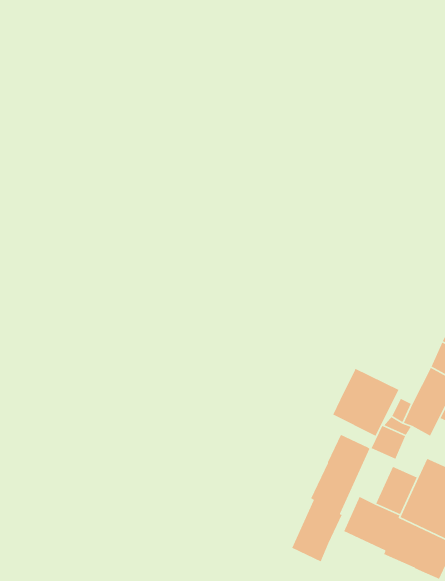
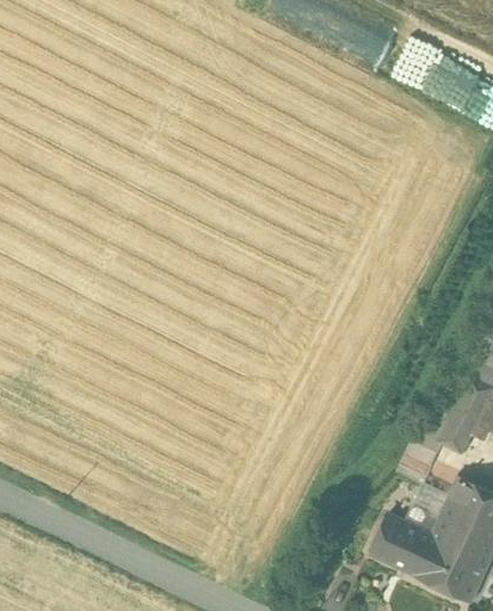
building: [332,368,400,437] -> none
building: [291,434,371,563] -> none

